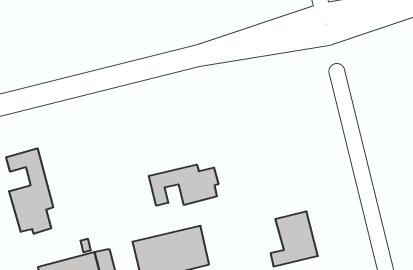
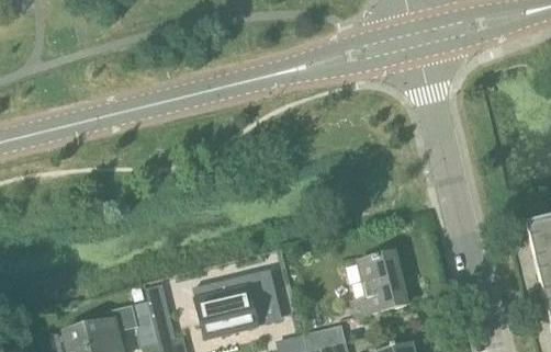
building: [6,148,53,234] -> none
building: [149,165,218,206] -> none

